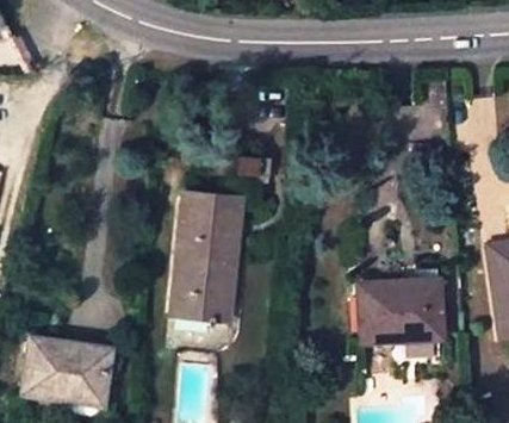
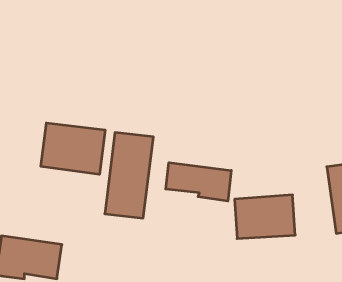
building: none -> [41,123,105,174]
building: none -> [166,163,231,201]

